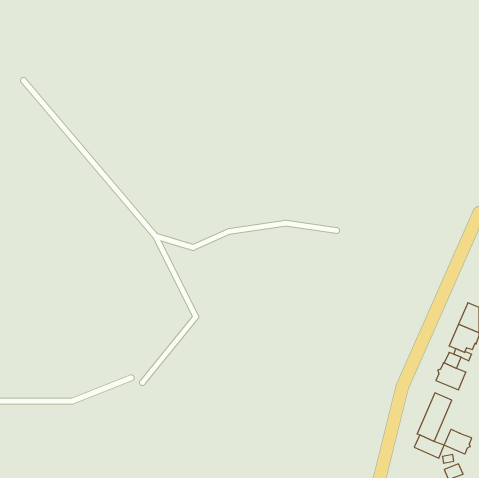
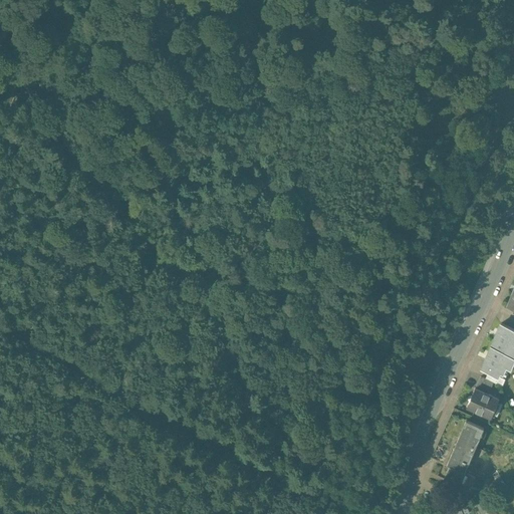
building: [444,429,472,454] -> none

